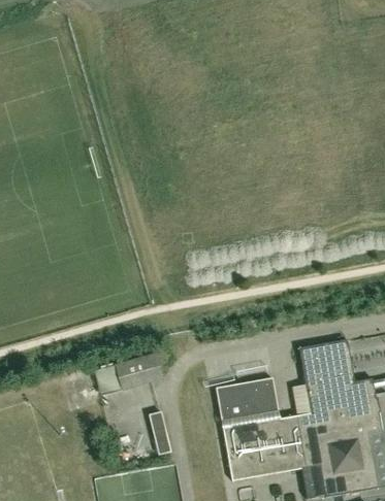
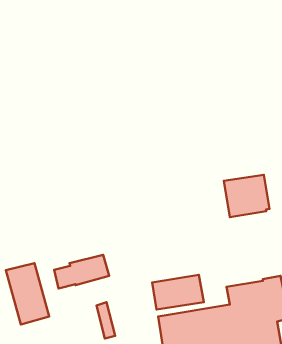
building: [300,340,356,392] -> [224,175,270,217]
building: none -> [6,263,49,325]

